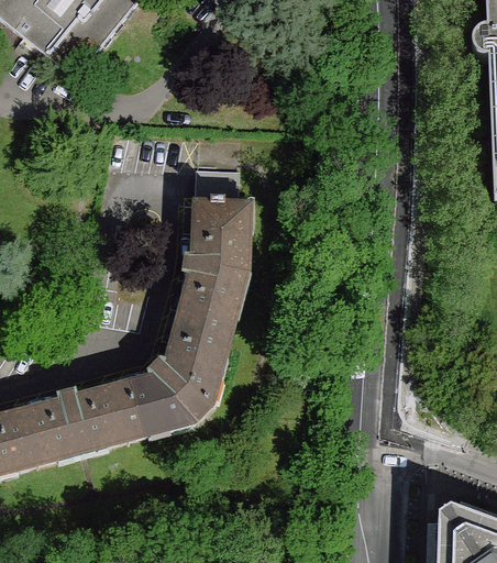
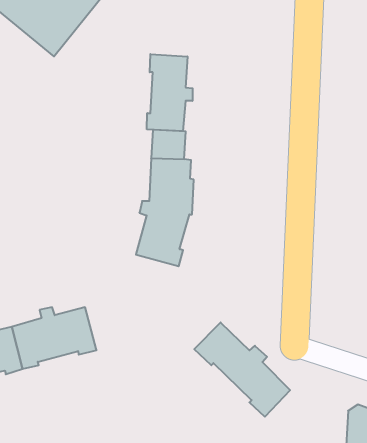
building: none -> [147,54,193,131]
building: [115,321,231,439] -> none
building: none -> [194,322,290,417]

